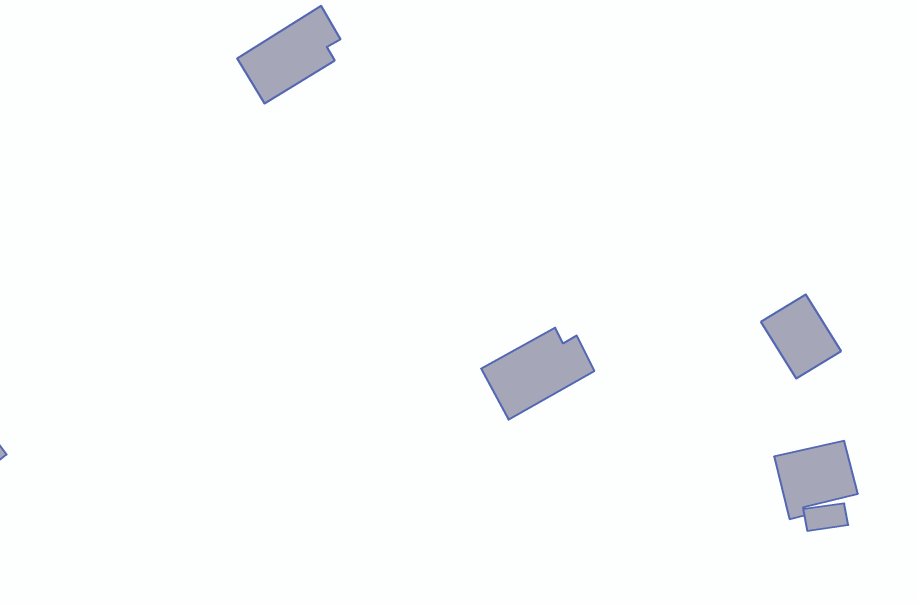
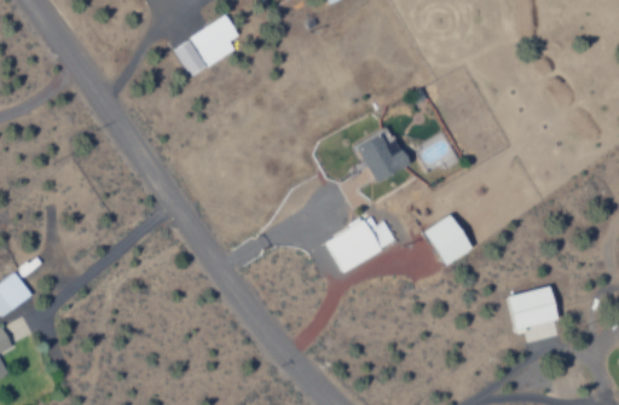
building: none -> [352,133,409,181]
building: [761,295,841,378] -> [423,214,473,266]

